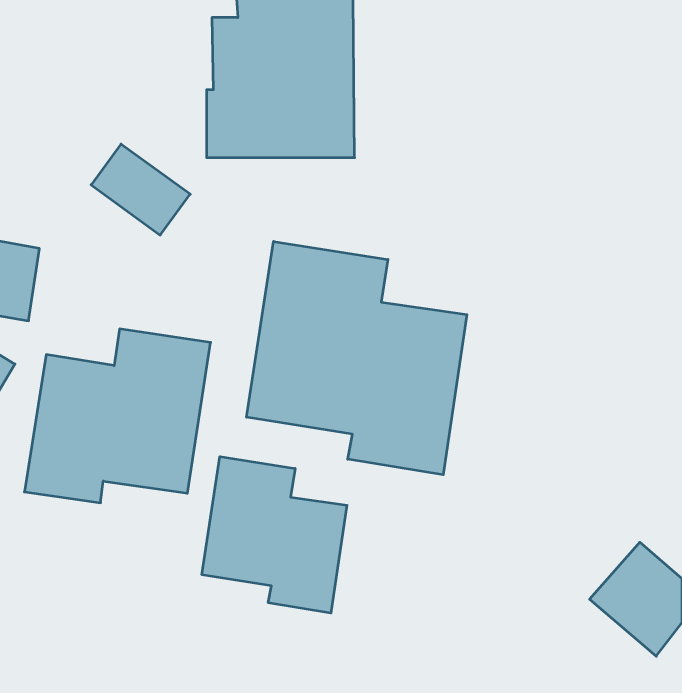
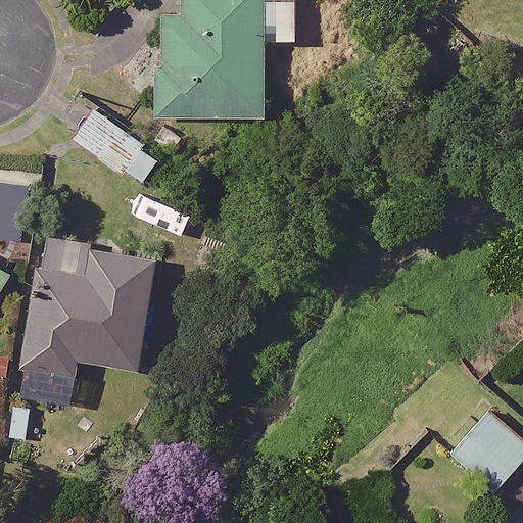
building: [247,241,467,475] -> none
building: [202,457,347,613] -> none

